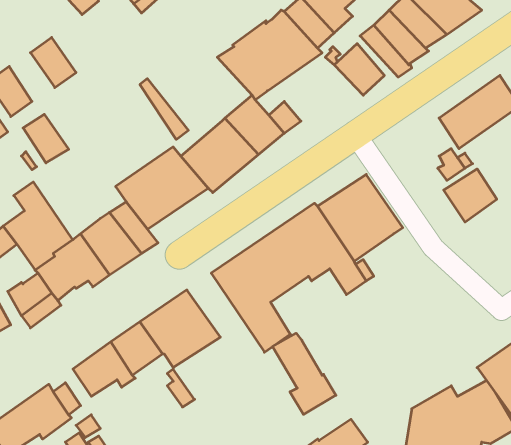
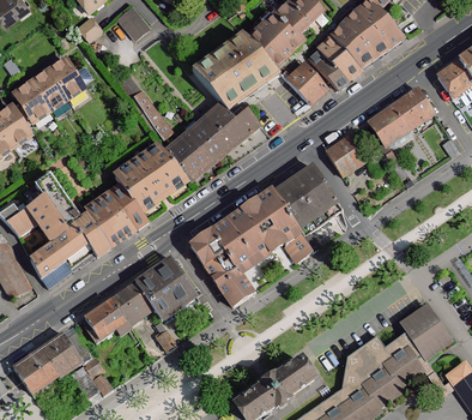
building: [23,114,69,163] -> [30,71,66,109]
building: [444,169,497,222] -> [325,134,367,176]
building: [273,333,336,414] -> none

